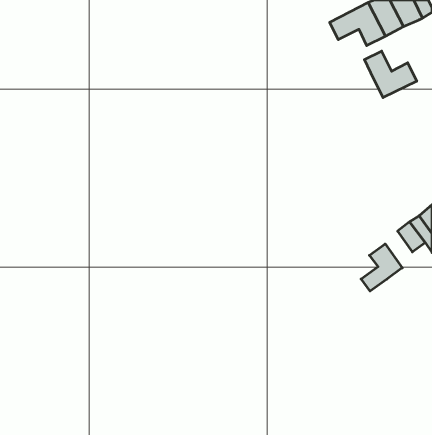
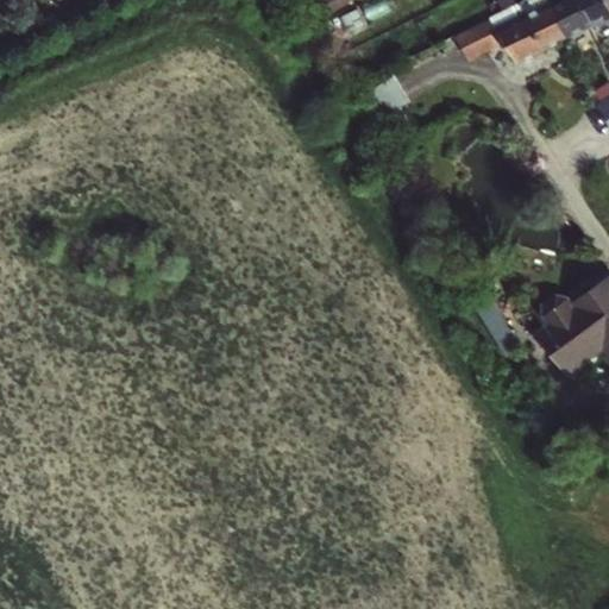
building: [364,51,417,98] -> none
building: [361,244,402,291] -> none

